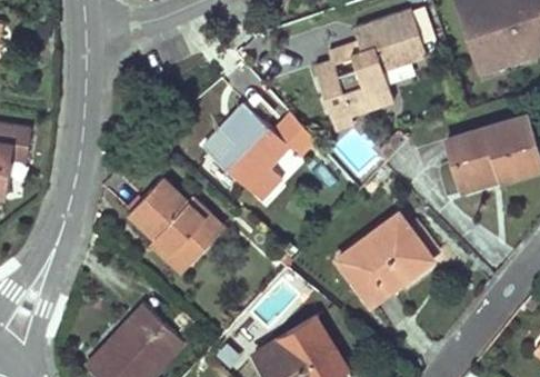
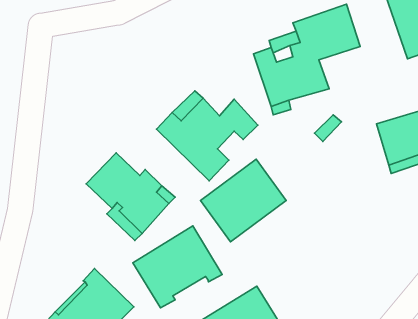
building: [338,215,430,304] -> [200,159,286,242]
building: none -> [133,226,222,308]

